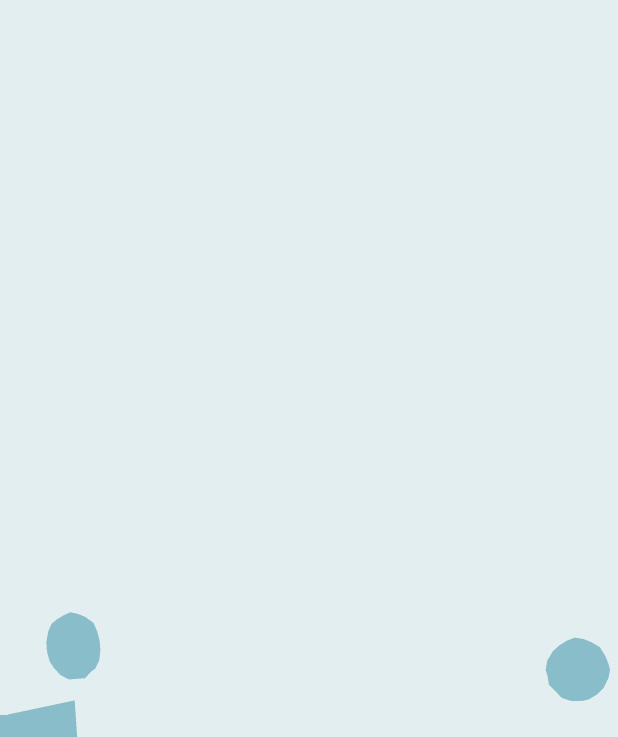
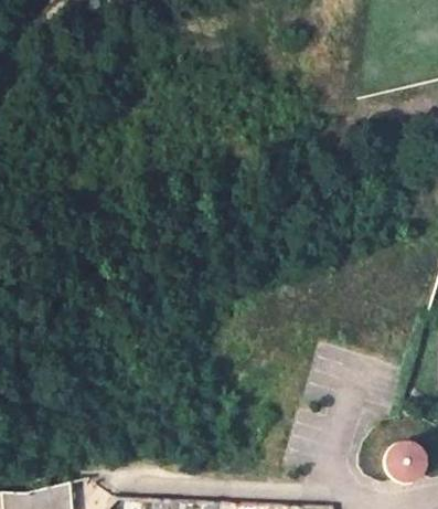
building: [46,612,101,680] -> none

